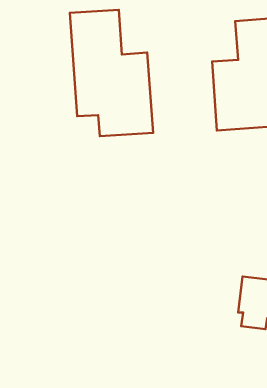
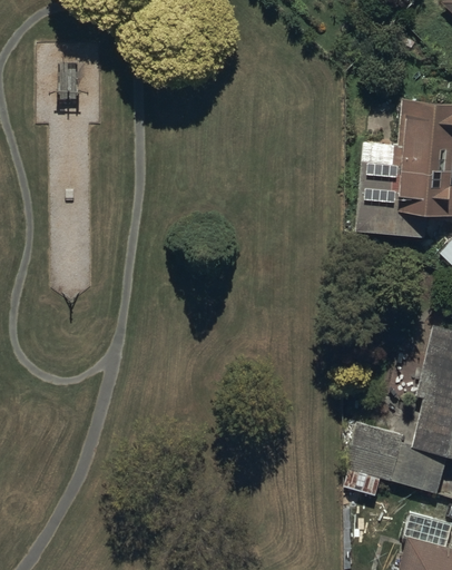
building: [70,10,153,136] -> none

